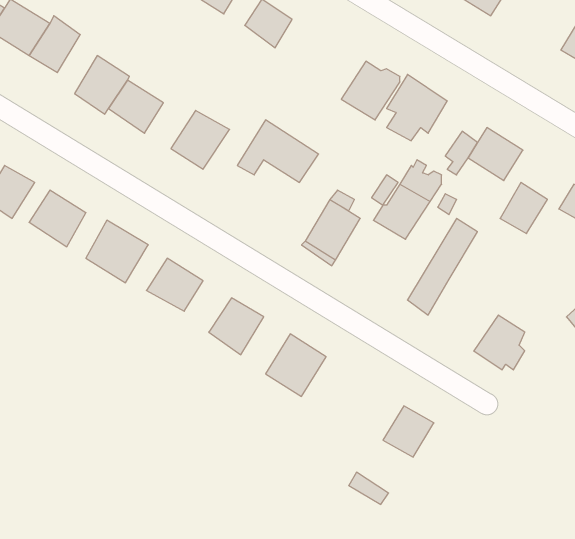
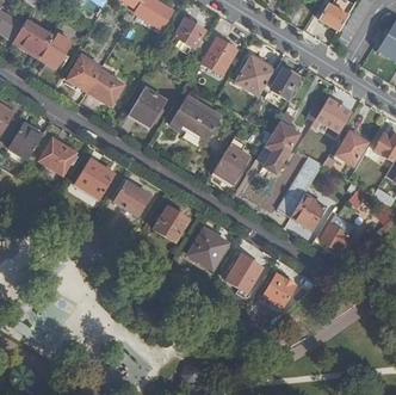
building: none -> [203,38,239,75]
building: none -> [291,195,324,229]
building: none -> [225,254,261,292]

